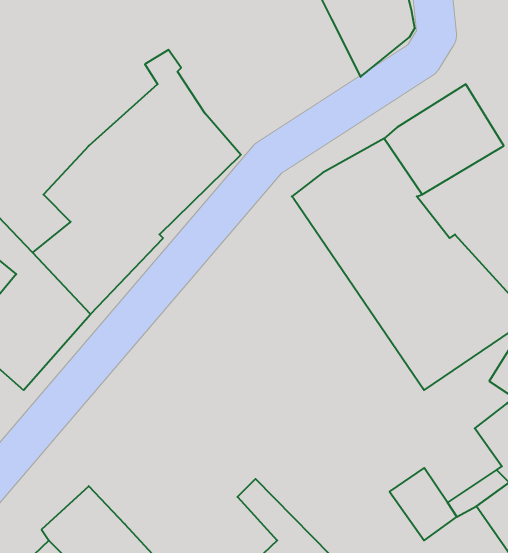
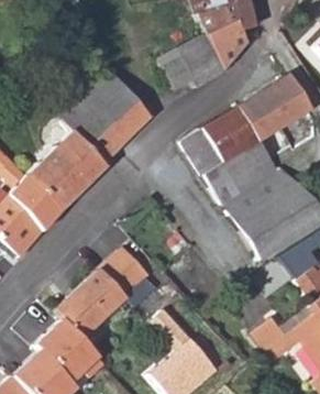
building: none -> [161,33,224,87]
building: none -> [56,245,151,340]

